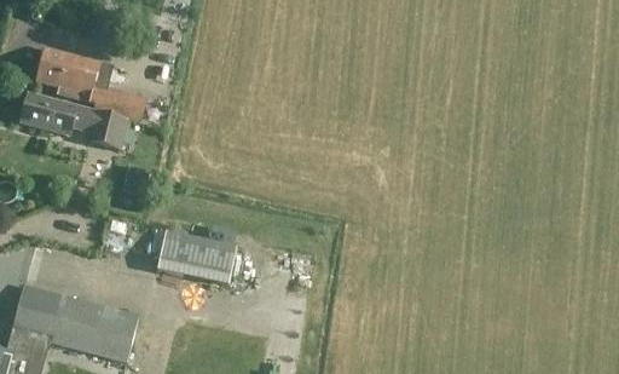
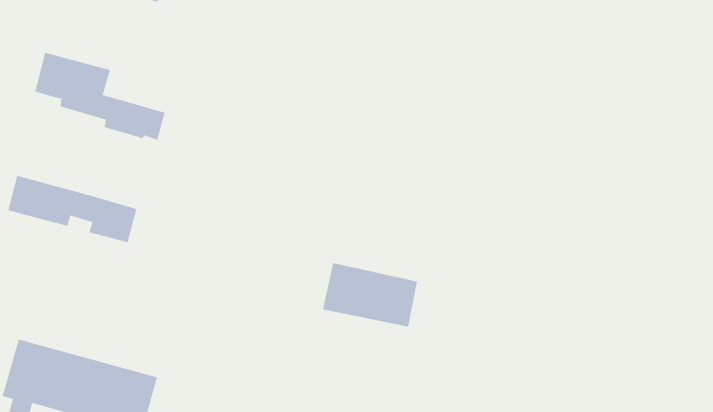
building: [19,91,126,146] -> [8,175,137,243]
building: [155,229,233,282] -> [322,262,418,327]

